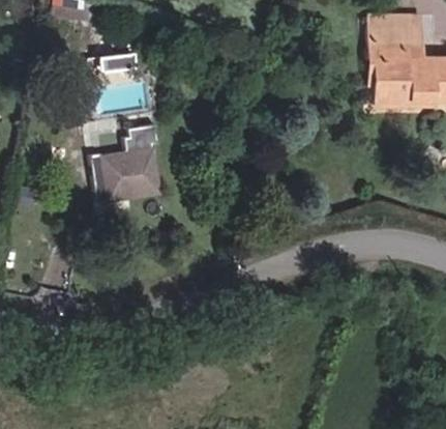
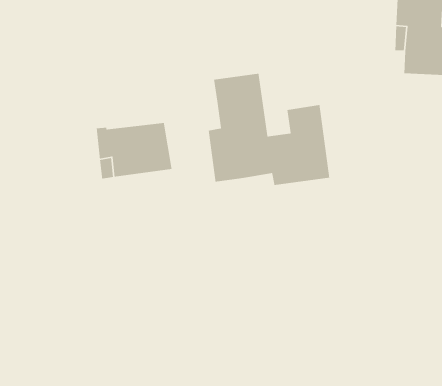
building: none -> [208,73,330,186]

